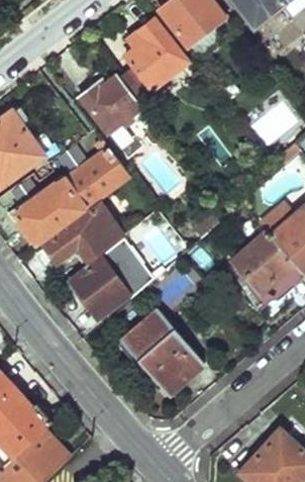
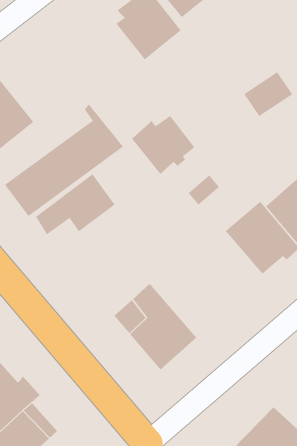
building: [79,74,141,132] -> [131,115,195,175]
building: [70,242,152,319] -> none

